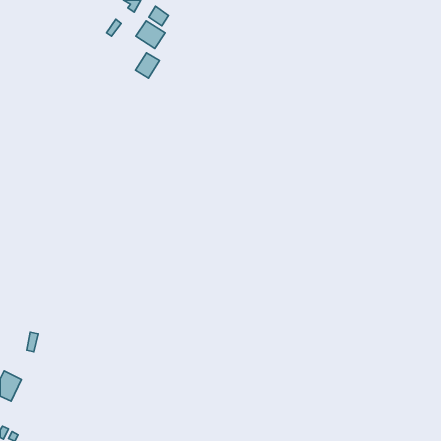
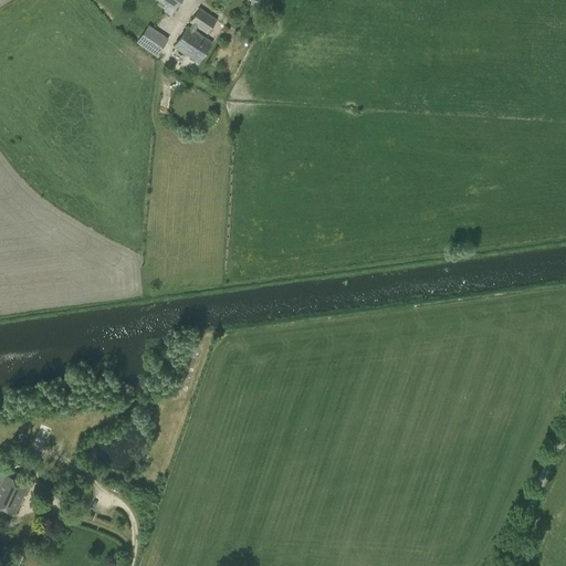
building: [136,53,159,78] -> none

